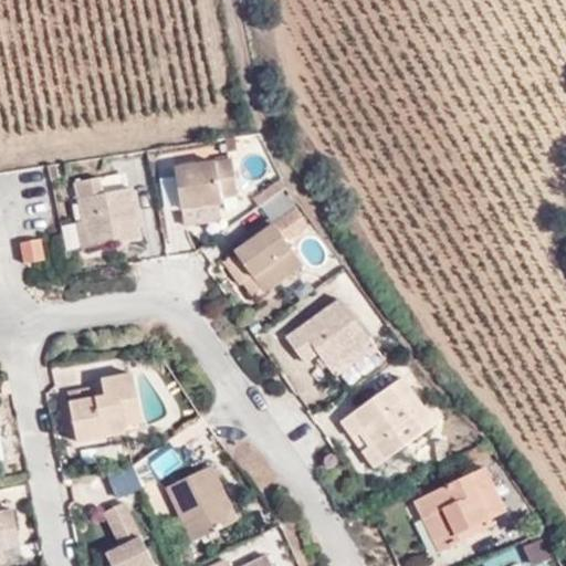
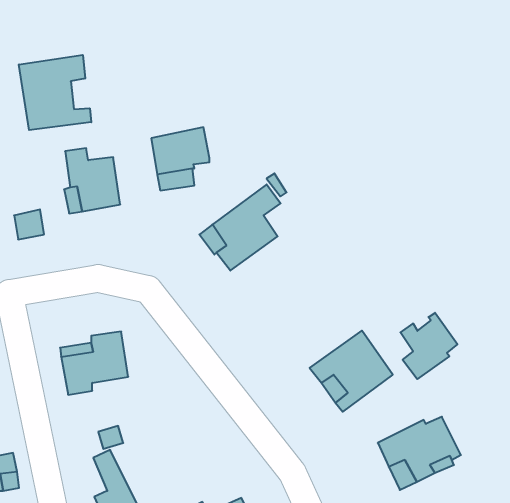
building: none -> [19,55,91,130]
building: [289,294,378,369] -> none
building: none -> [400,313,457,379]
building: [167,471,235,544] -> none

